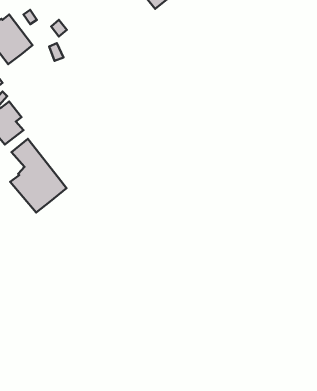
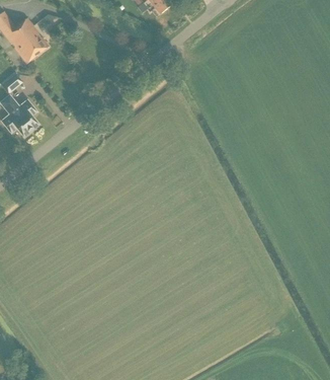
building: [10,139,67,212] -> none

